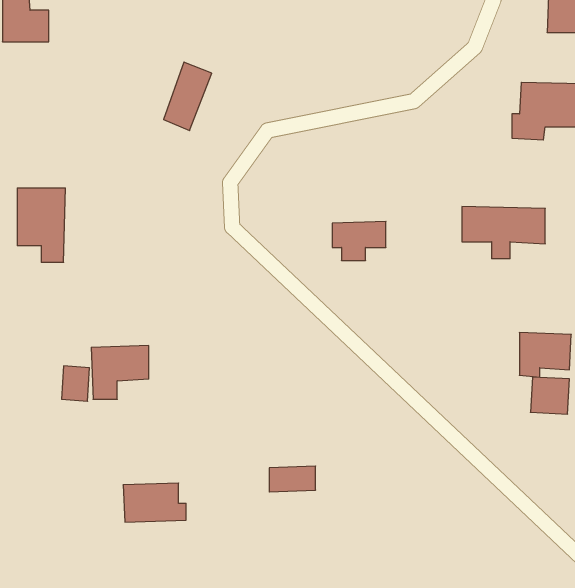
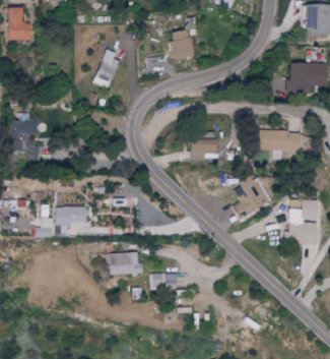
building: none -> [168,28,194,60]
building: none -> [233,174,271,215]
building: [123,483,186,522] -> [108,252,142,274]

